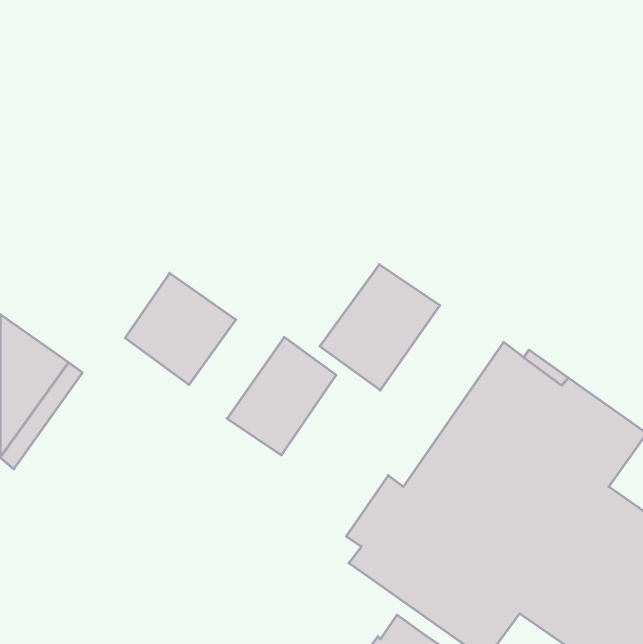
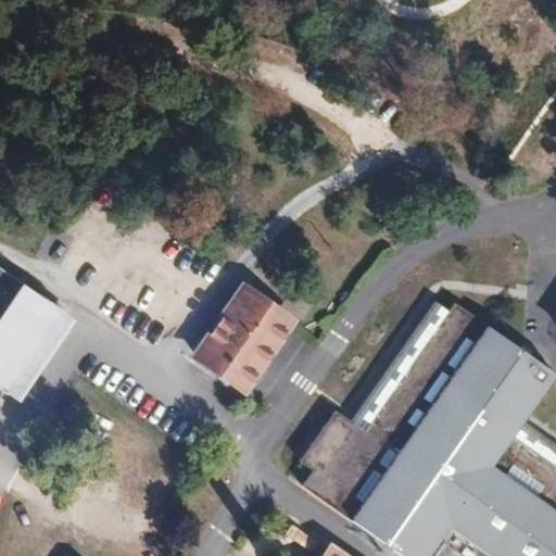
building: [320,264,440,390] -> none
building: [125,273,236,385] -> none

